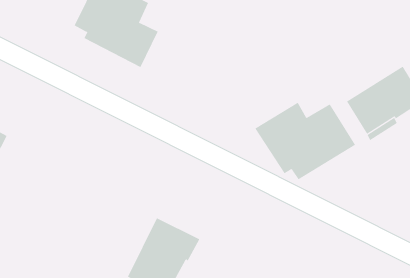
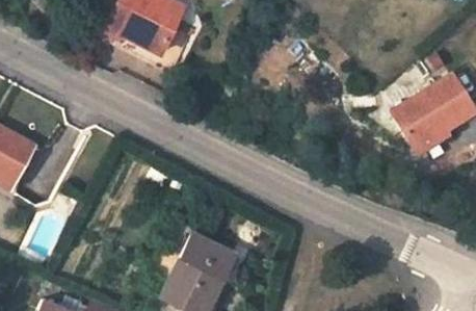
building: [255,102,356,180] -> none

